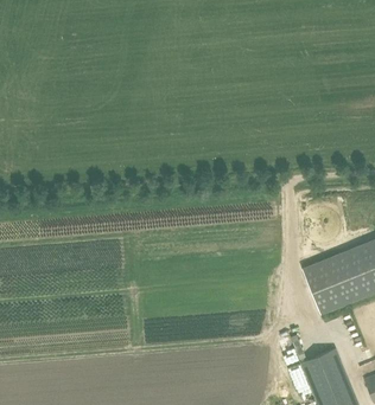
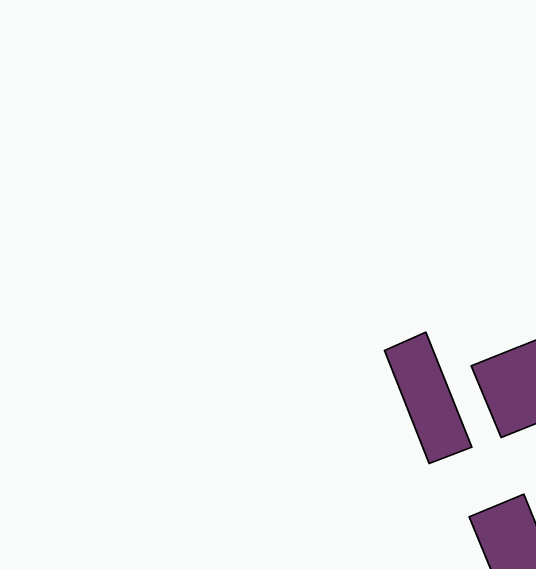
building: none -> [385,332,472,464]

